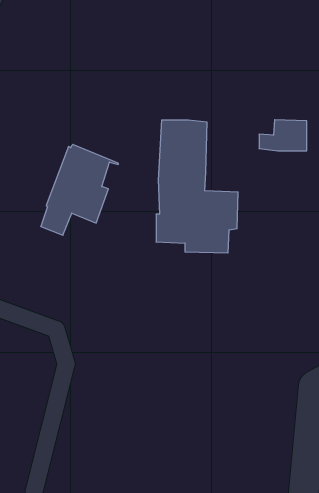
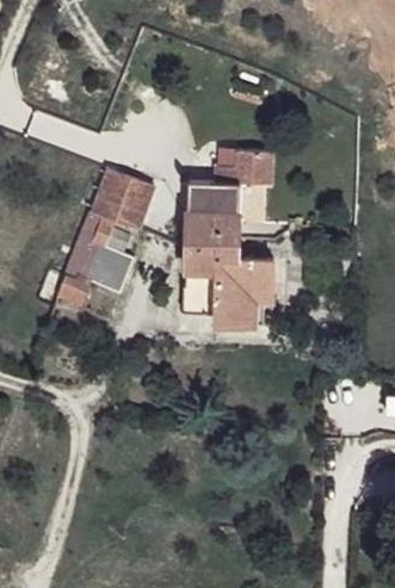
building: none -> [93,169,155,229]
building: [259,120,307,151] -> [217,151,269,185]

